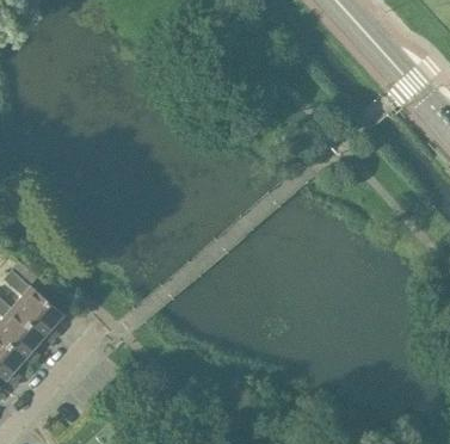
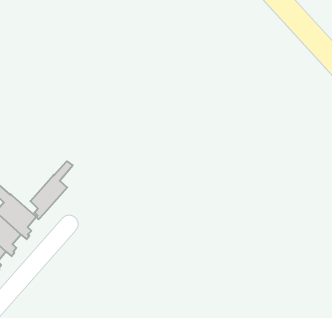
building: none -> [30,161,73,219]

